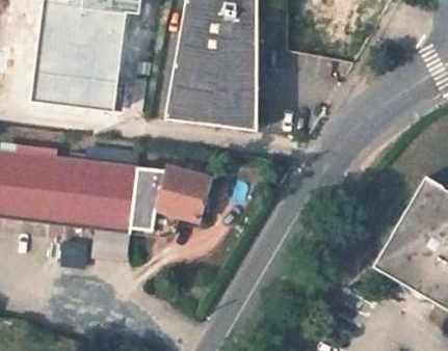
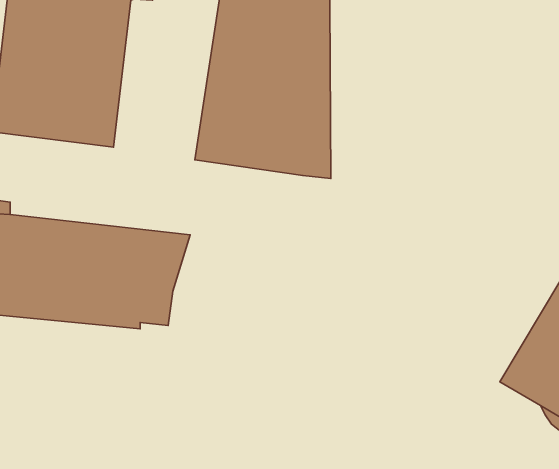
building: [154,164,211,218] -> none

